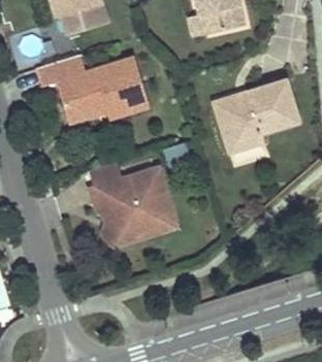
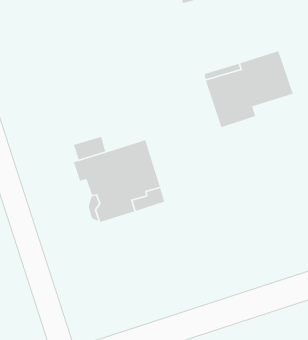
building: [37,54,150,123] -> none

